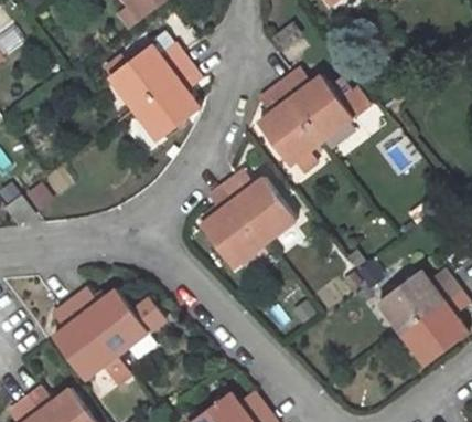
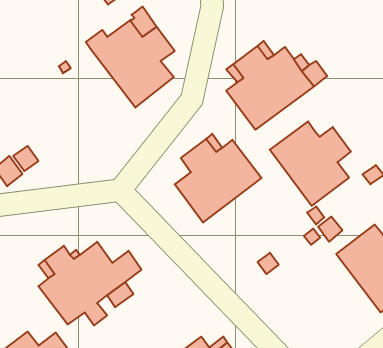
building: none -> [270,121,351,206]

